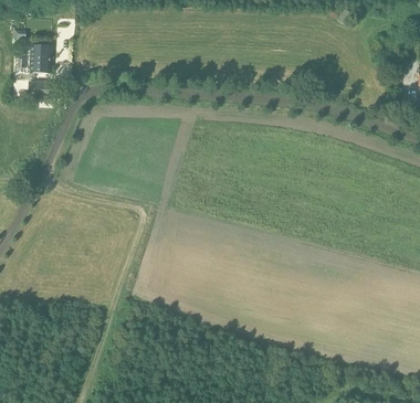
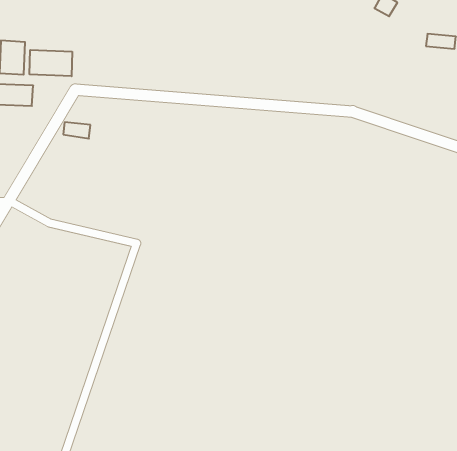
building: none -> [30,50,72,76]

